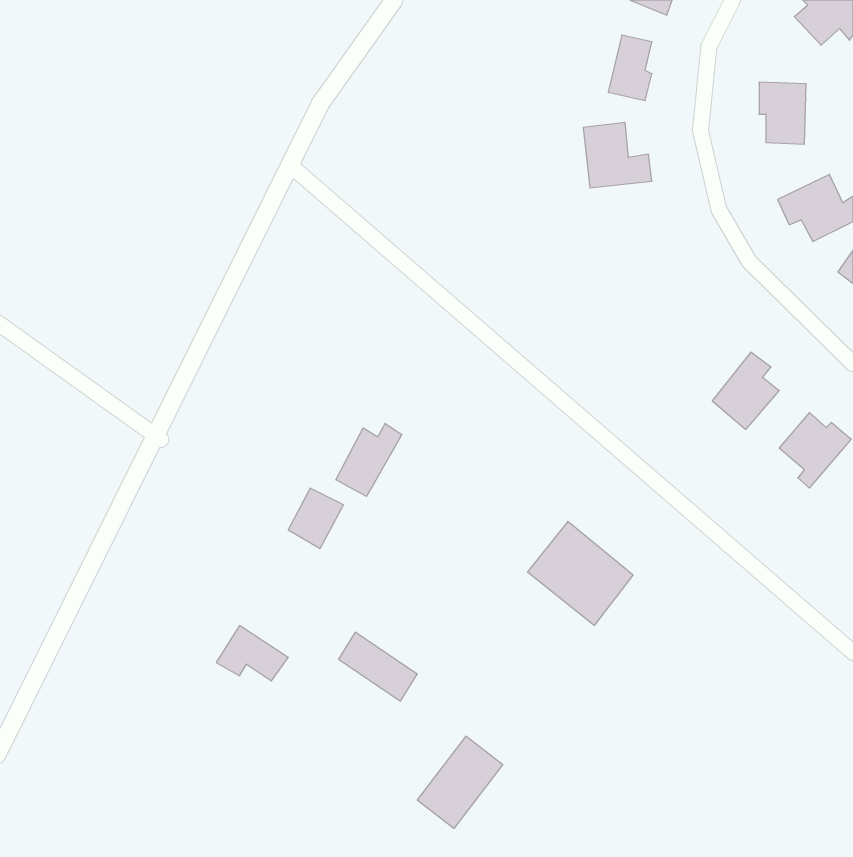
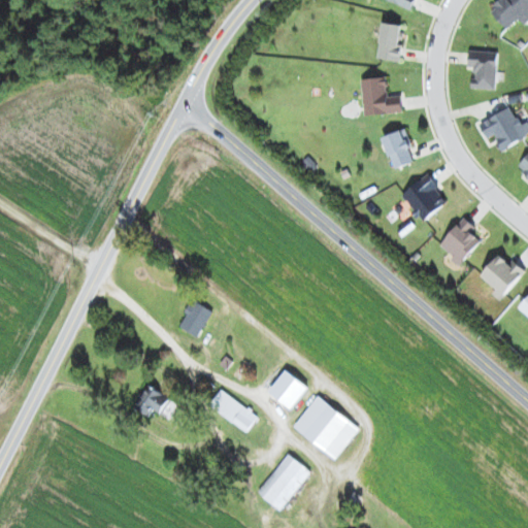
building: none -> [380,128,412,169]
building: none -> [400,174,448,222]
building: [336,423,402,496] -> none
building: [527,521,633,625] -> [293,395,358,459]
building: none -> [268,369,307,409]

